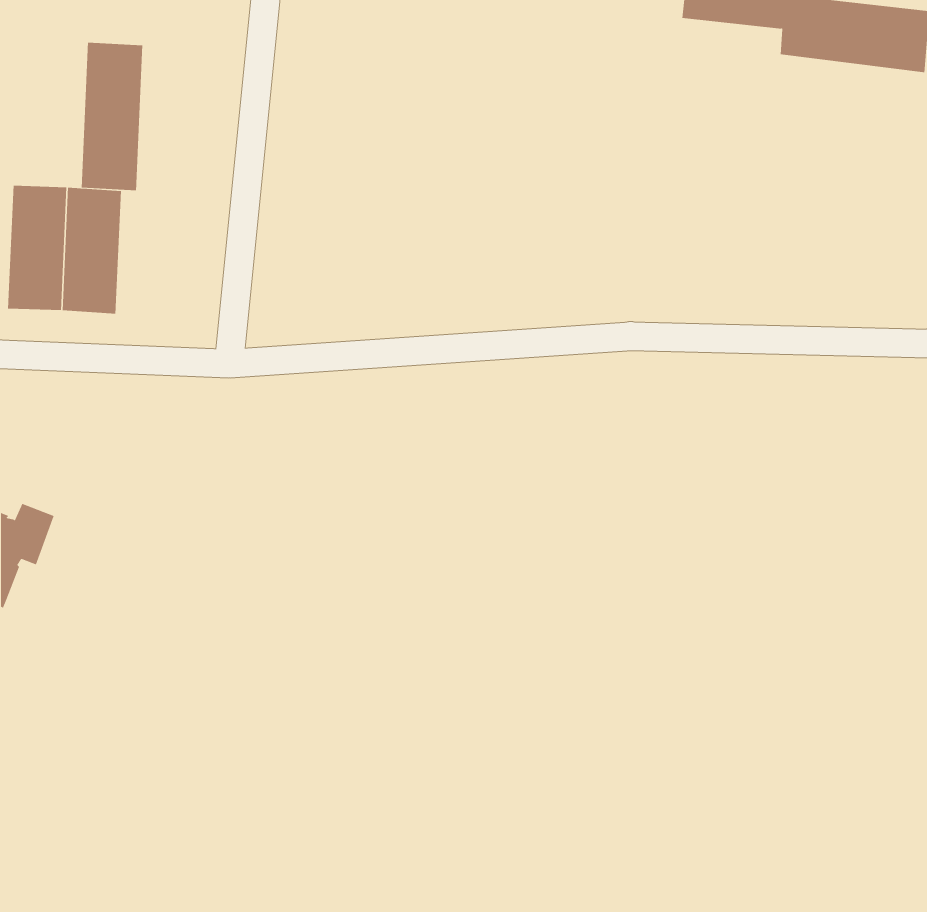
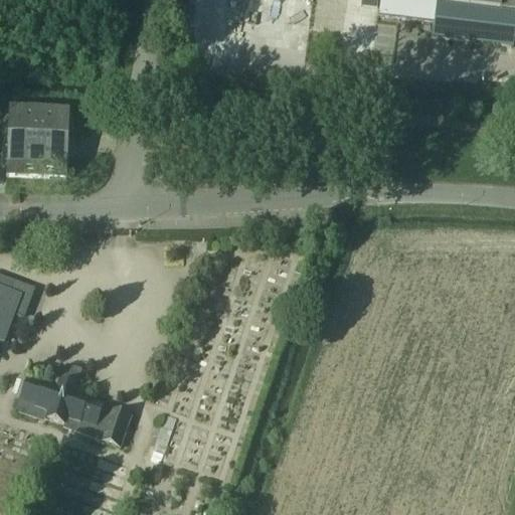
building: [81,42,143,191] -> none
building: none -> [14,374,131,444]

